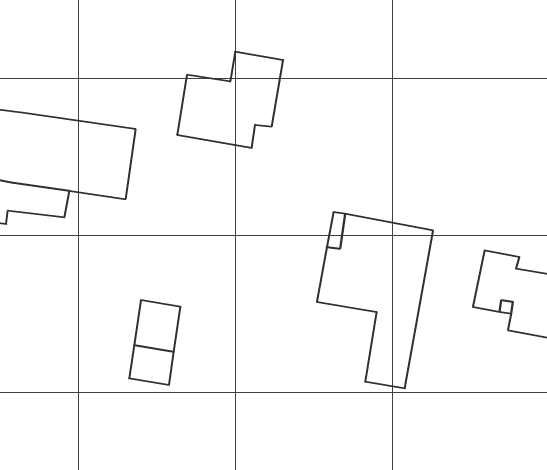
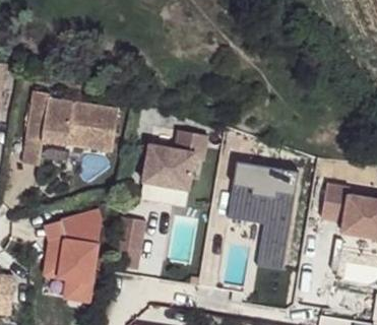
building: [177,52,283,148] -> [144,130,209,189]
building: none -> [46,211,102,303]

